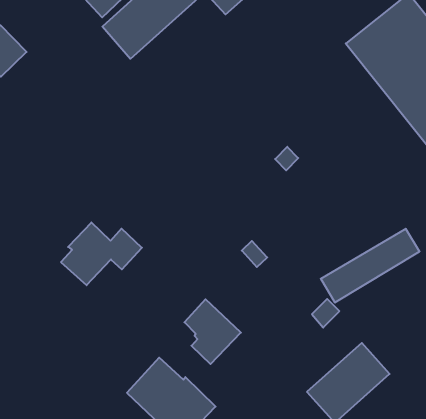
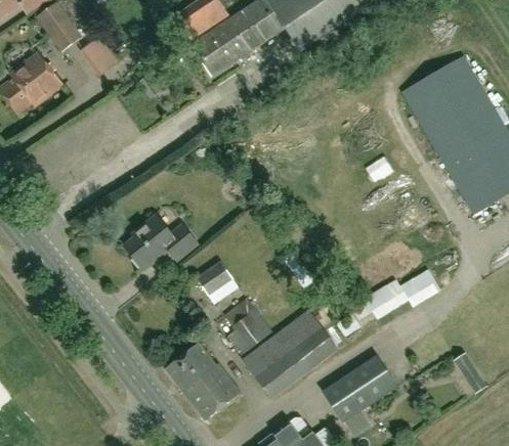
building: none -> [194,261,238,304]
building: none -> [243,310,338,398]

